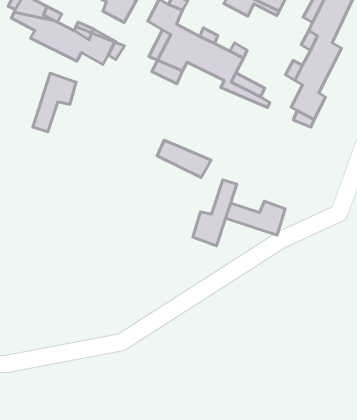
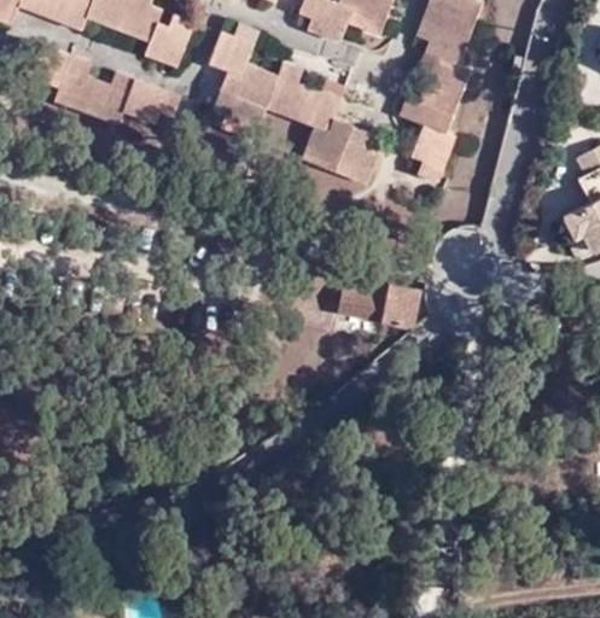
building: [33,73,76,132] -> none
building: [157,140,211,177] -> [307,139,379,183]
building: [193,180,237,246] -> none

